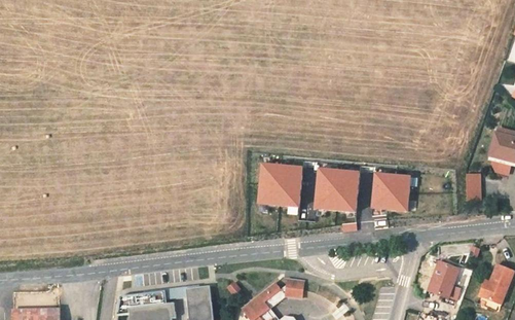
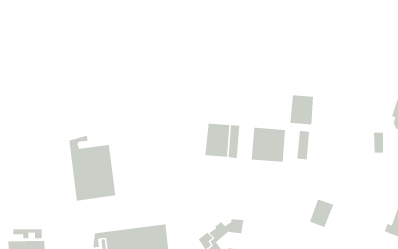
building: [383,171,413,208] -> [290,95,314,125]
building: none -> [69,135,116,201]
building: [431,262,462,298] -> [309,199,334,228]

